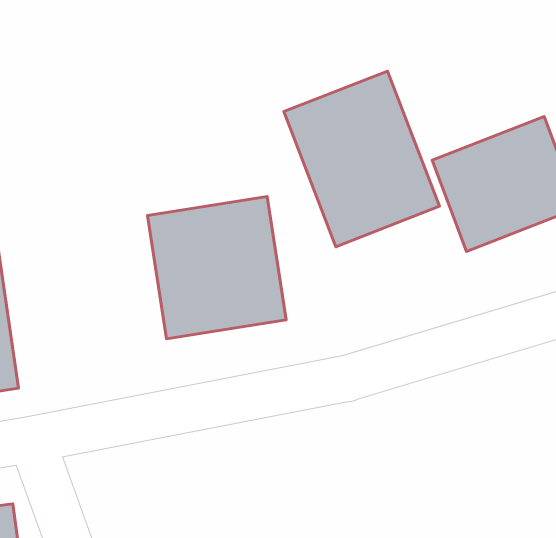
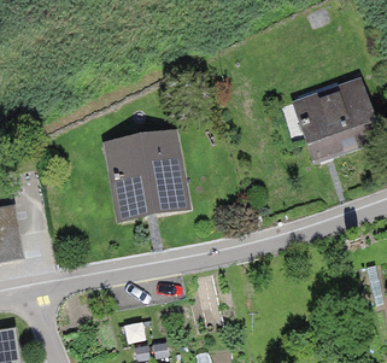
building: [284,71,440,247] -> none

